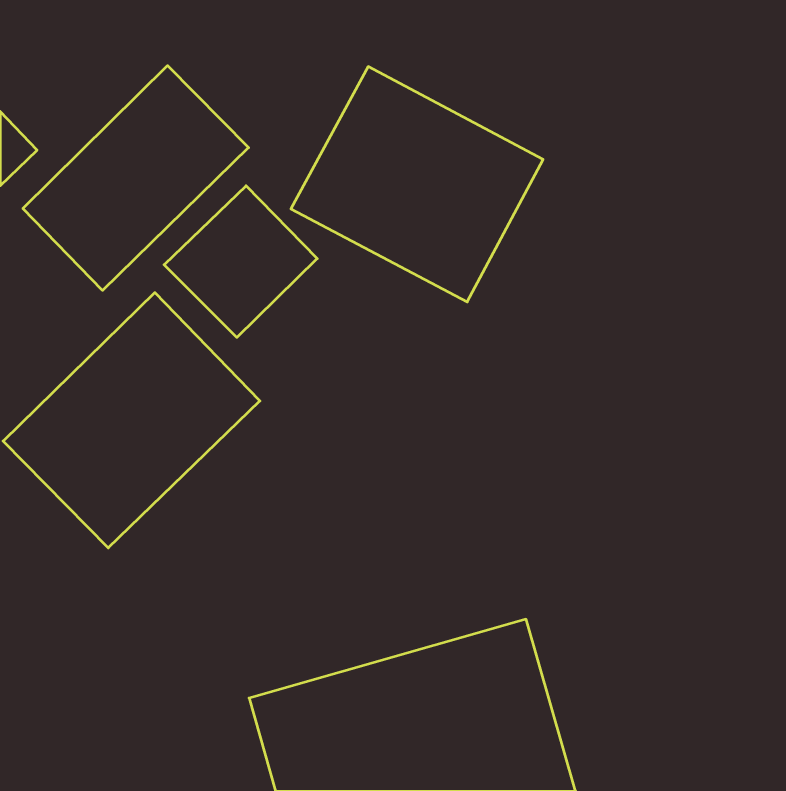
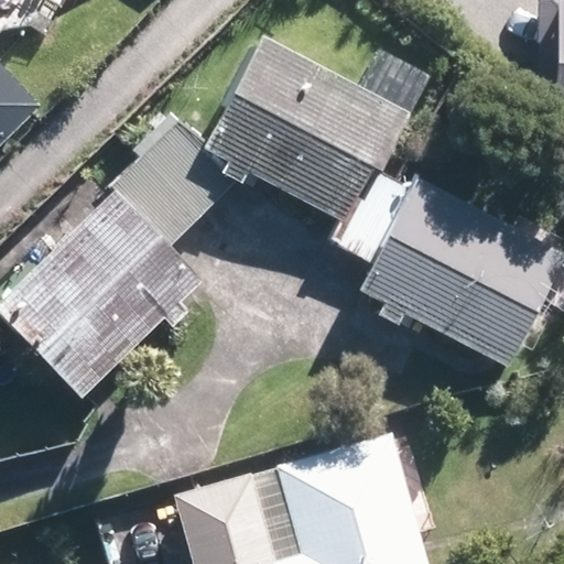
building: [23,66,249,290] -> none
building: none -> [366,191,547,356]

